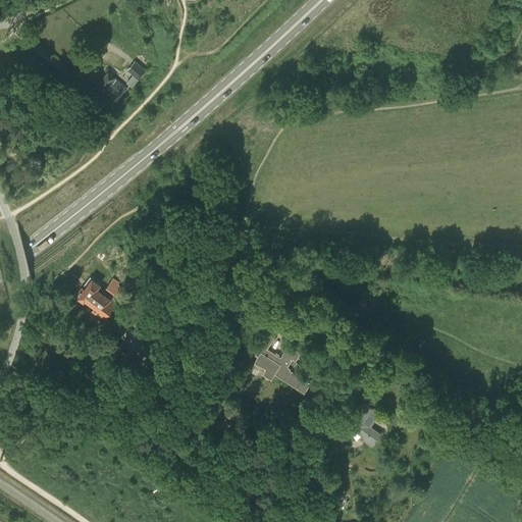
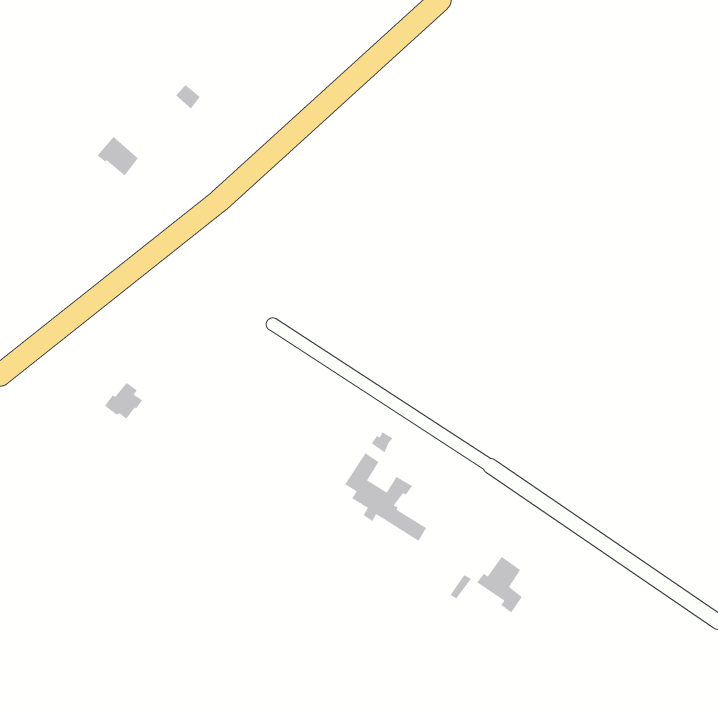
building: [96,72,126,102] -> [97,136,139,177]
building: [92,292,116,321] -> none

